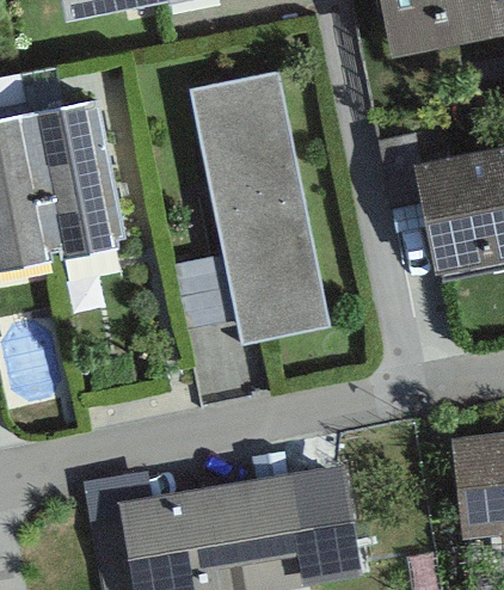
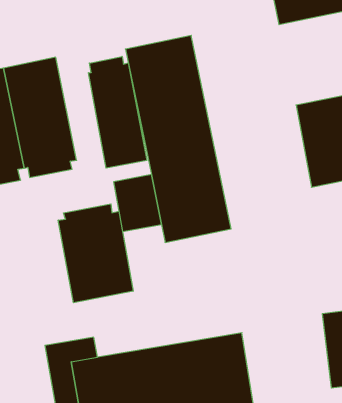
building: none -> [88,56,147,168]
building: none -> [58,204,133,303]

